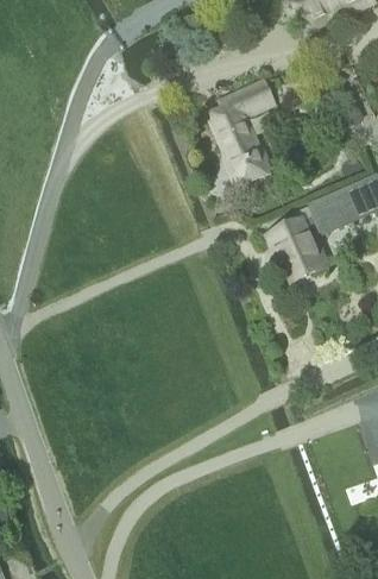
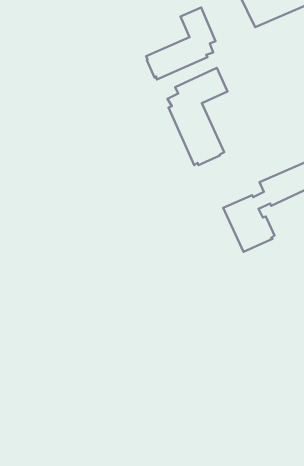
building: none -> [146,8,216,80]

